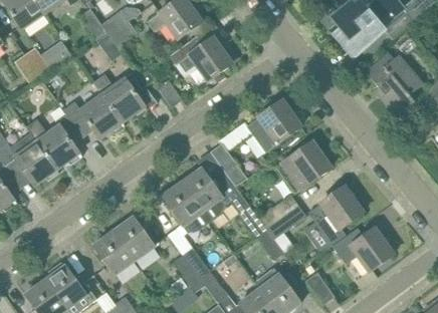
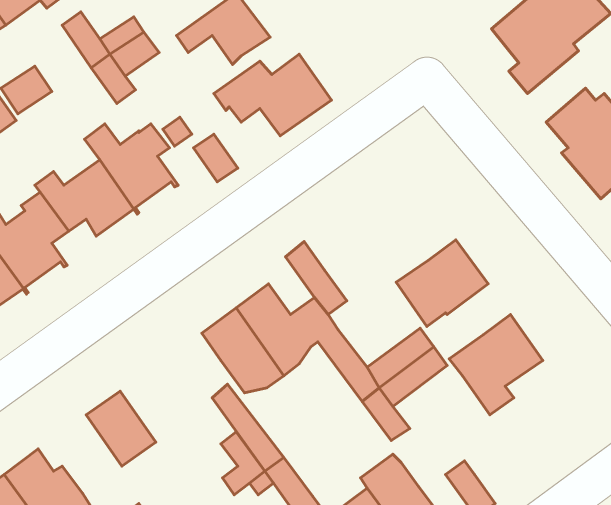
building: [246,100,301,152] -> none
building: [114,217,155,261] -> none
building: [332,228,393,272] -> none

